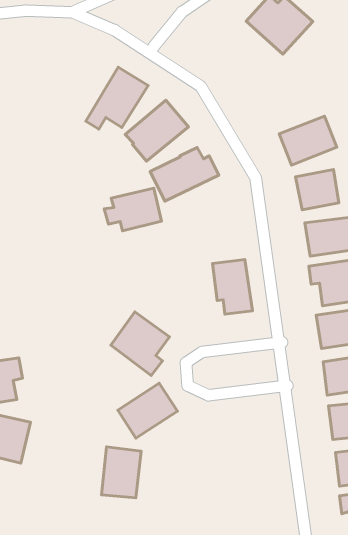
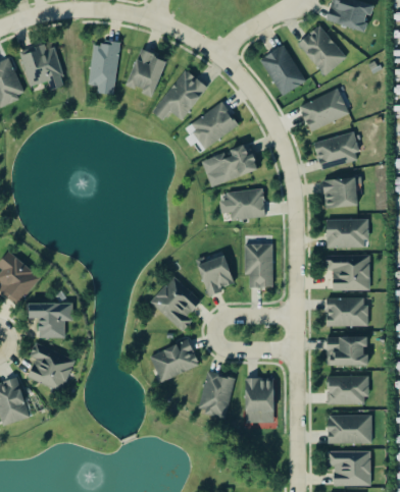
building: none -> [260,45,304,96]
building: none -> [87,41,119,95]
building: none -> [126,49,166,96]
building: none -> [298,88,350,131]
building: [104,188,162,231] -> [218,187,265,220]
building: none -> [197,255,235,294]
building: none -> [244,378,273,423]
building: [101,447,141,498] -> [197,371,235,417]

